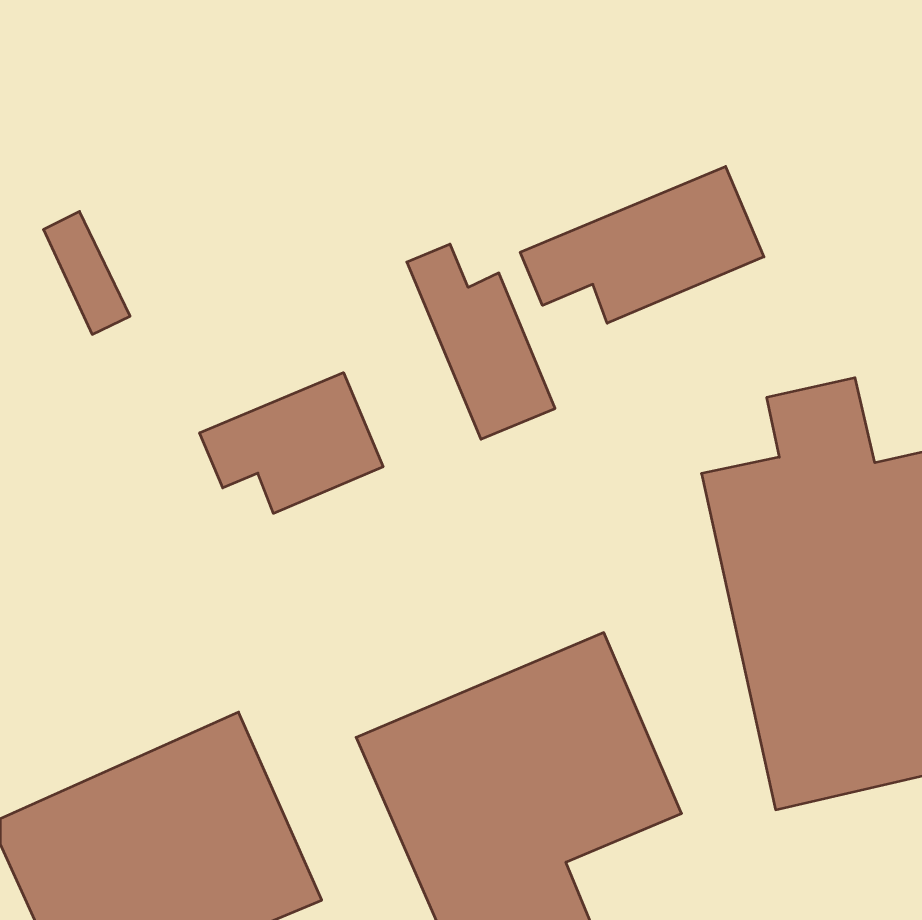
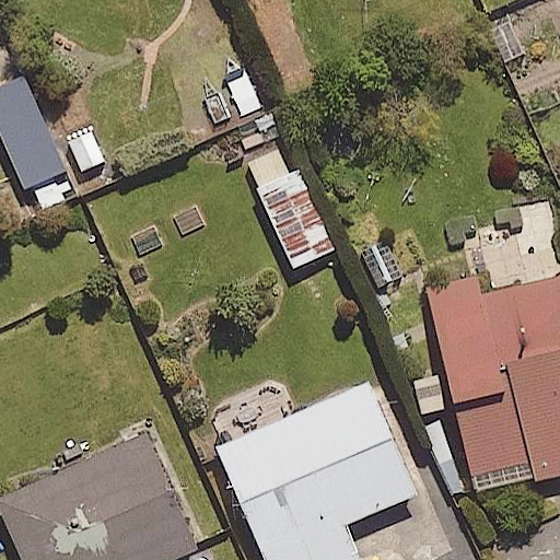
building: [520,166,764,323] -> none
building: [200,373,383,513] -> none

